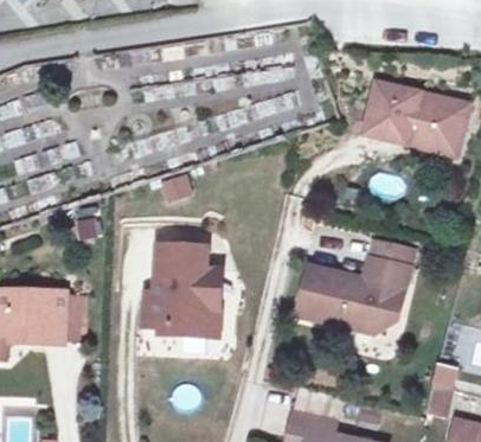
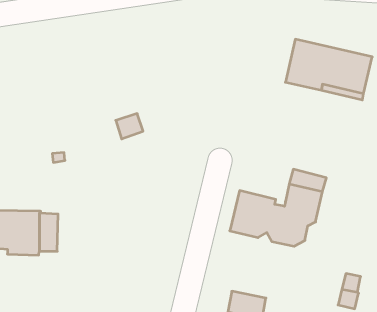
building: [145,245,219,337] -> none

